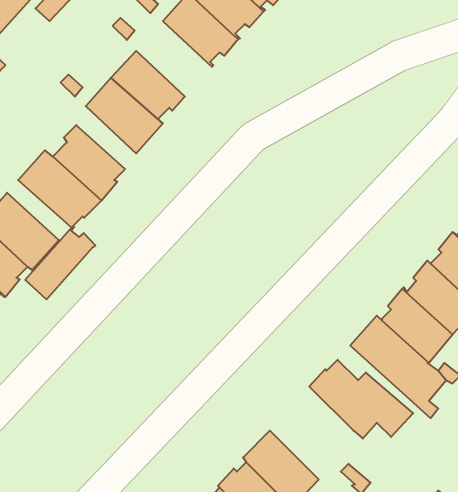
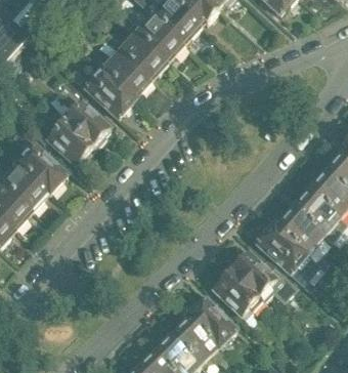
building: none -> [118,32,167,81]
building: [25,226,95,299] -> none
building: none -> [213,270,259,319]

